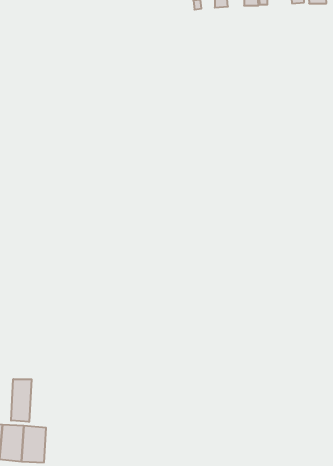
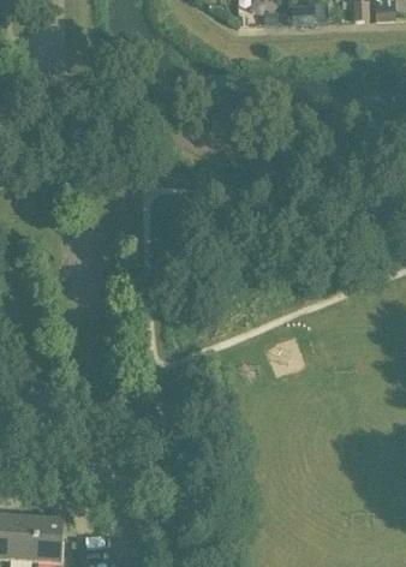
building: [11,379,32,422] -> none

